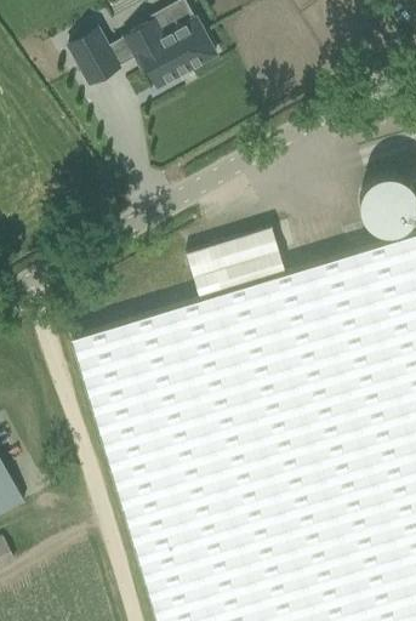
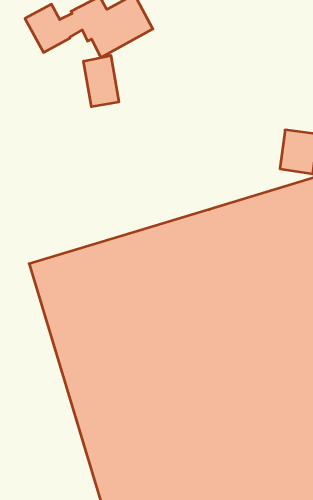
building: none -> [84,55,119,107]
building: [184,228,284,298] -> none

